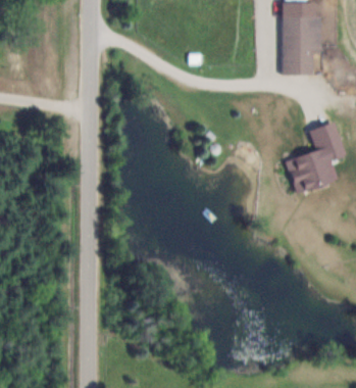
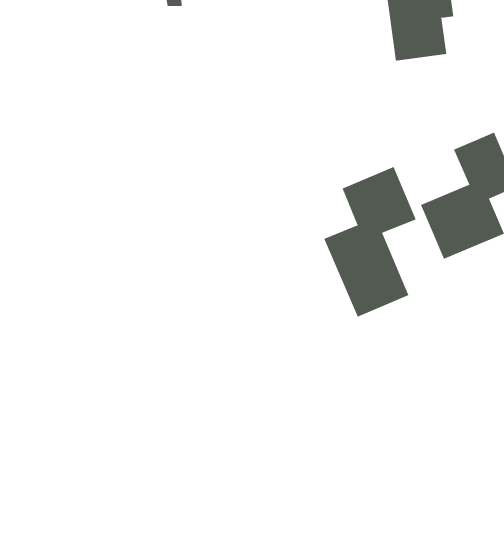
building: none -> [324,166,416,317]

